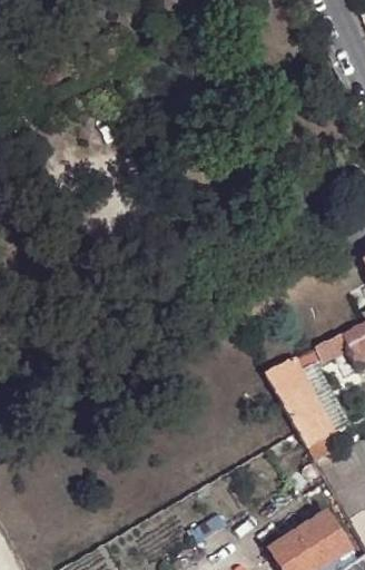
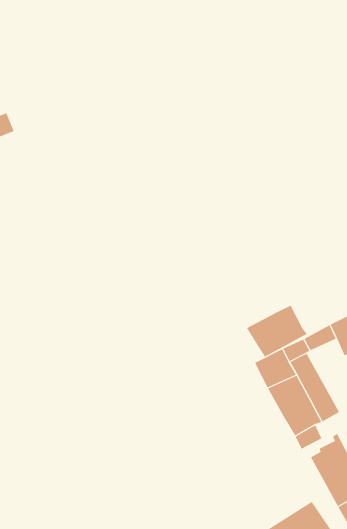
building: none -> [246,305,307,358]

